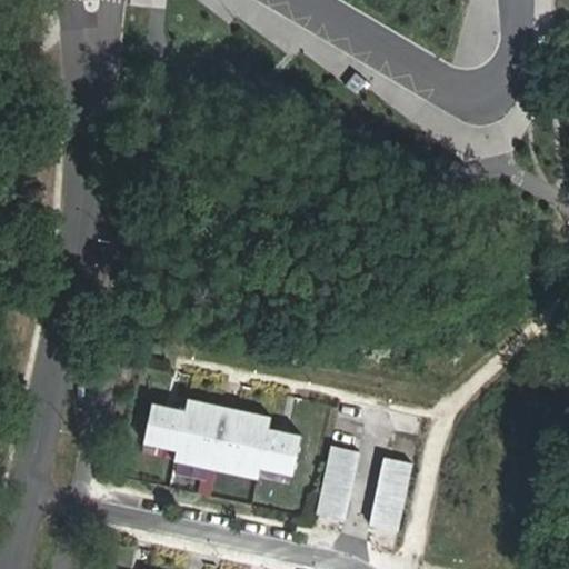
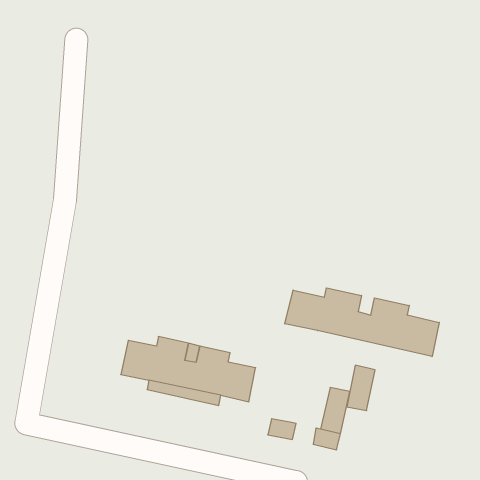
building: none -> [285,288,439,357]
building: [320,447,353,500] -> [347,365,375,411]

